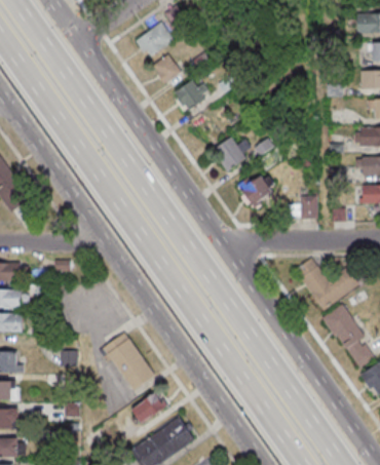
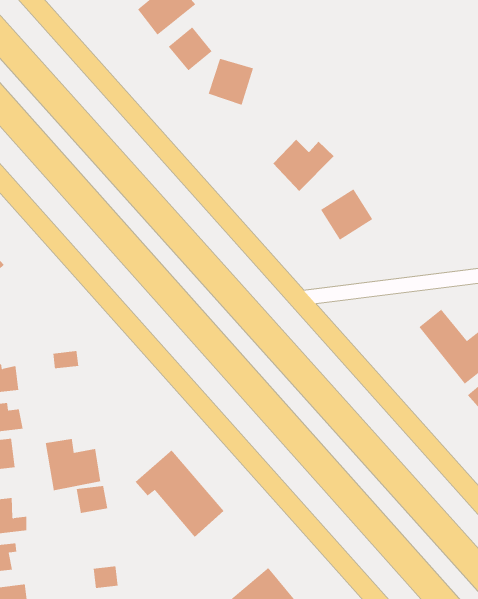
building: [300,198,318,220] -> none
building: none -> [45,438,101,491]
building: [132,393,167,423] -> none

